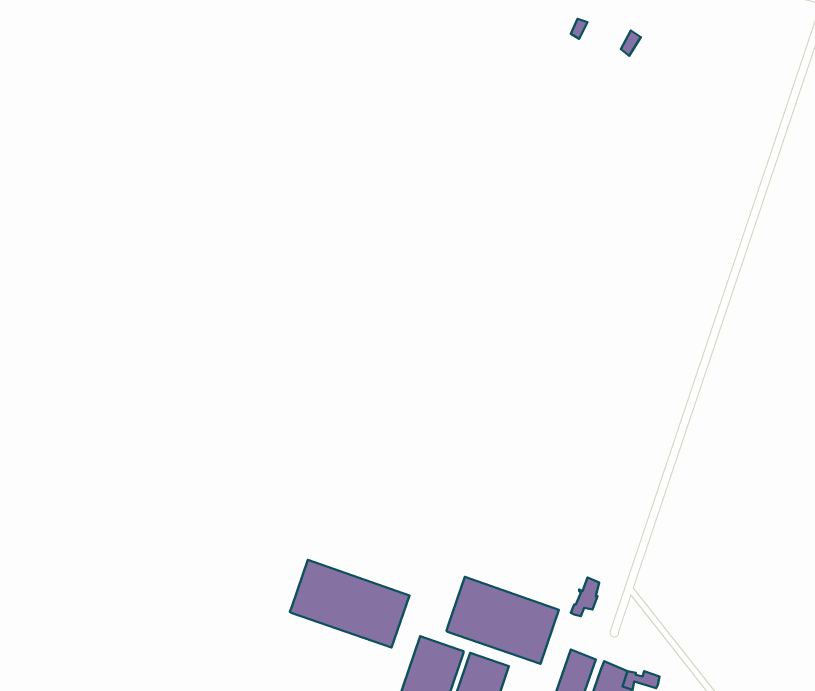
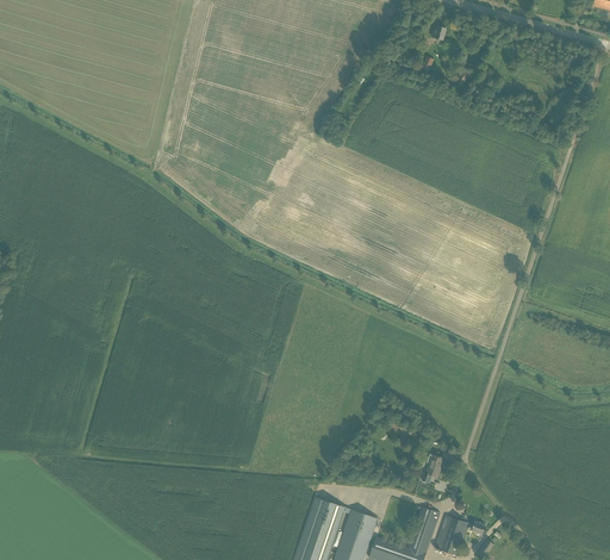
building: [290,560,409,647] -> none
building: [446,577,559,664] -> none

